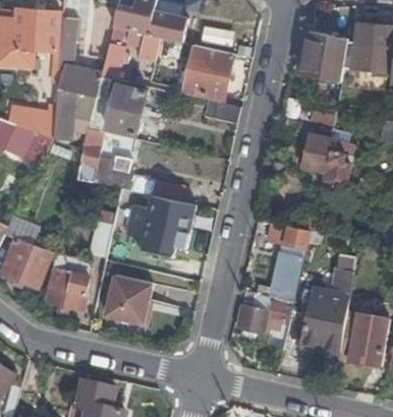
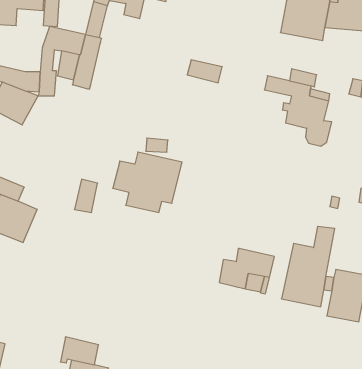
building: [181,45,233,99] -> none
building: [106,83,147,134] -> none
building: [78,126,160,194] -> none
building: [257,221,307,300] -> none
building: [47,258,92,308] -> none
building: [106,273,157,324] -> none

